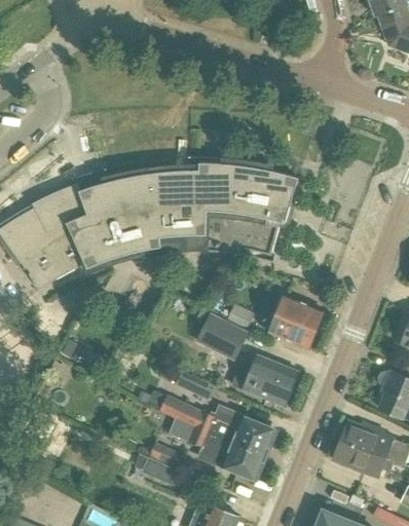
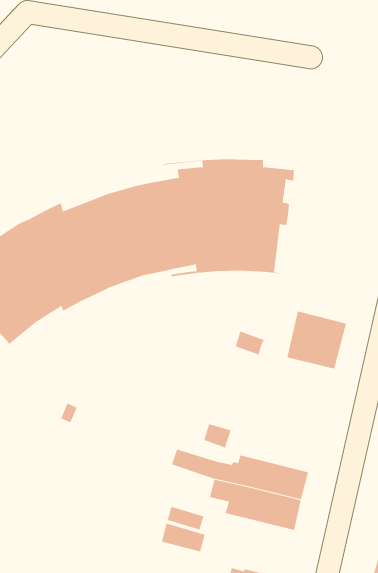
building: [197,314,247,359] -> none
building: [232,355,298,406] -> none

